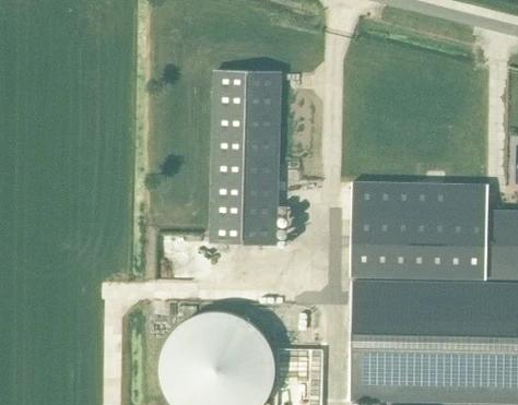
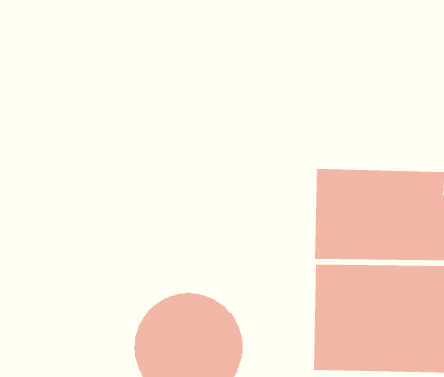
building: [211,70,279,243] -> none

